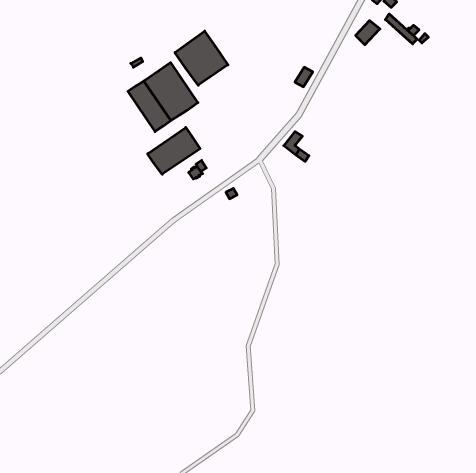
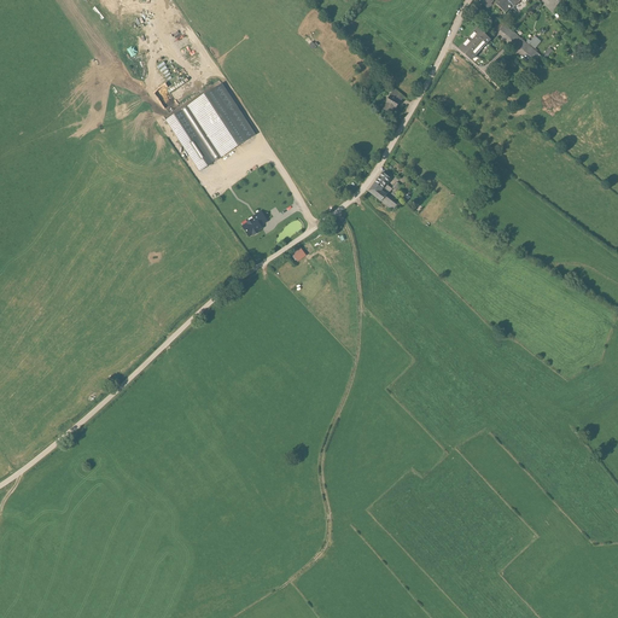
building: [175,31,228,85] -> none
building: [148,127,200,174] -> none

